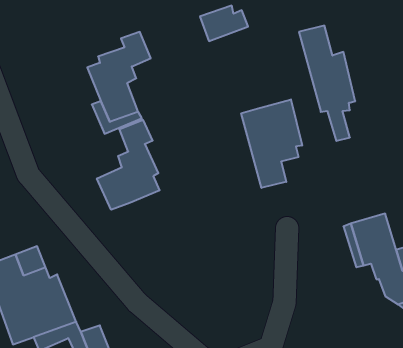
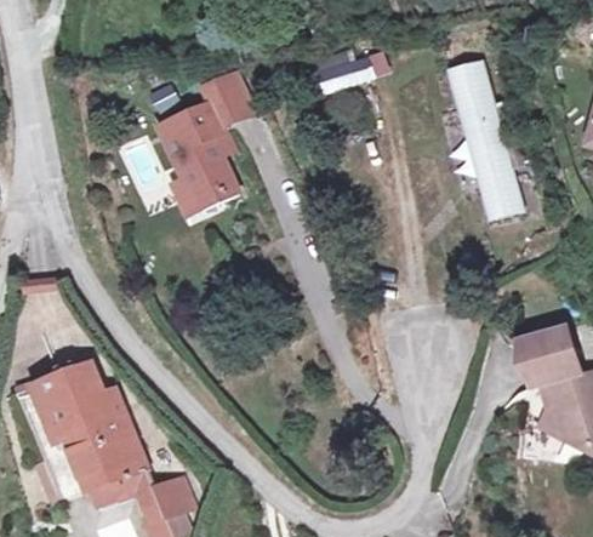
building: [241,99,302,188] -> none
building: [97,120,160,210] -> none

